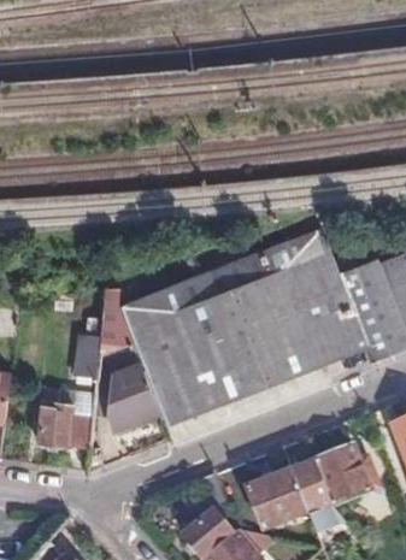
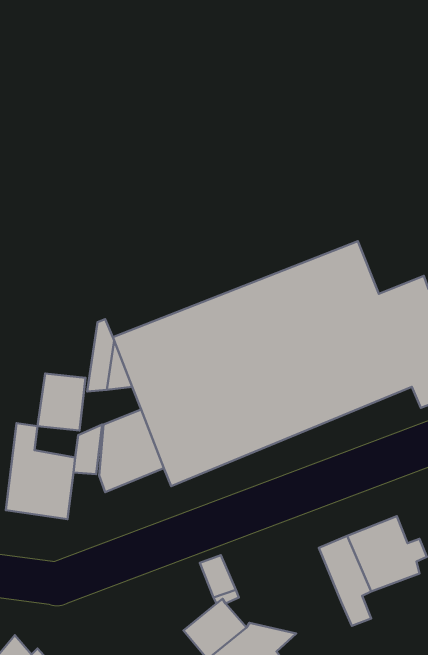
building: [247,472,311,534] -> none

